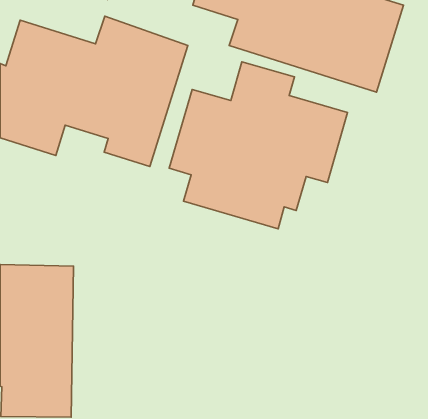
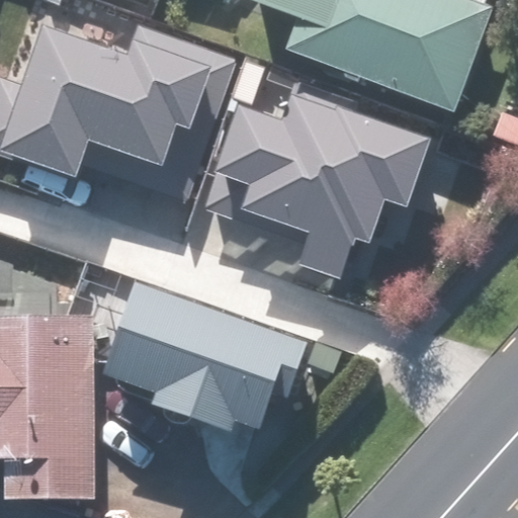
building: none -> [111,279,315,426]

